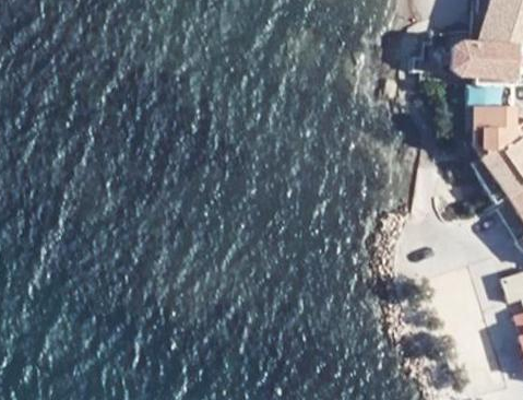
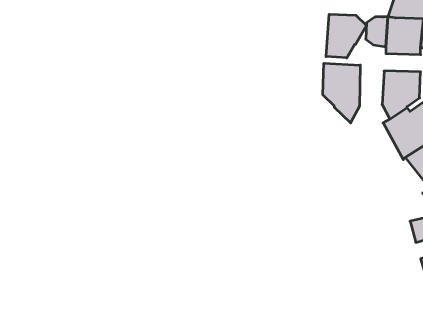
building: none -> [326,14,366,58]
building: none -> [323,63,360,123]

